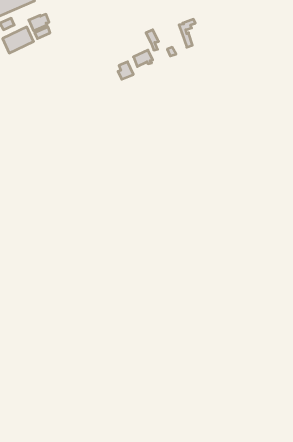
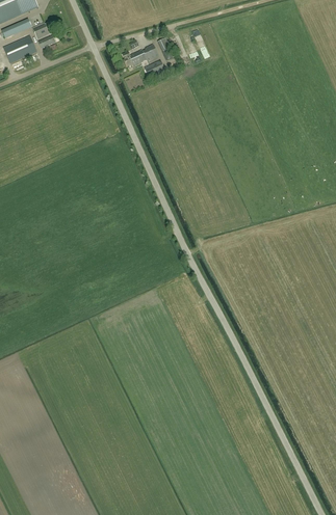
building: none -> [123,43,159,65]

